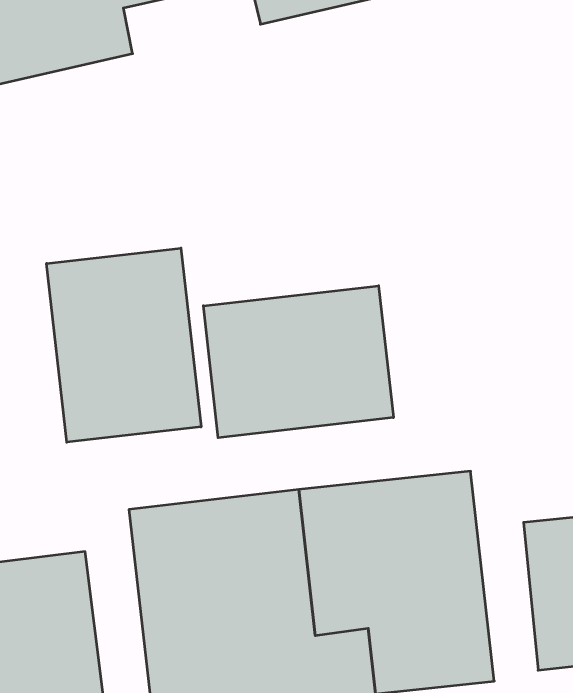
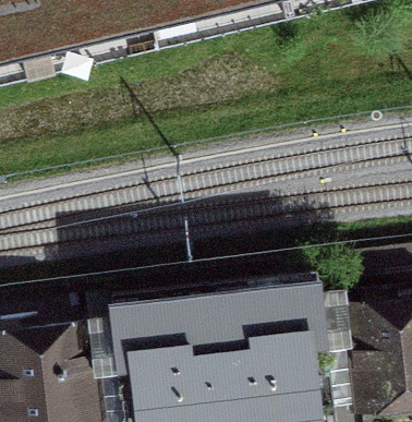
building: [47,248,201,442] -> none
building: [203,286,393,438] -> none

